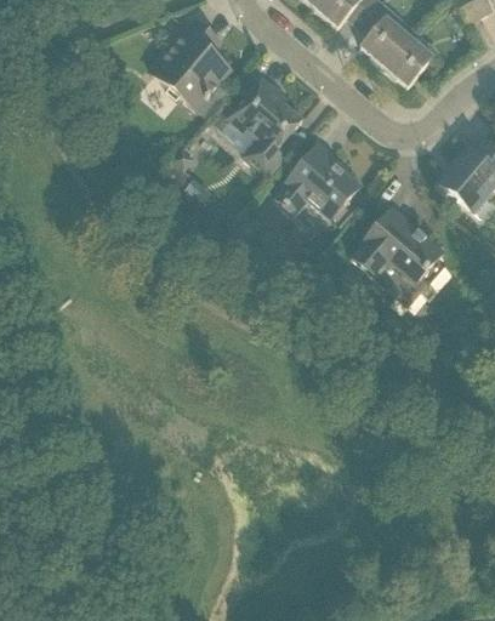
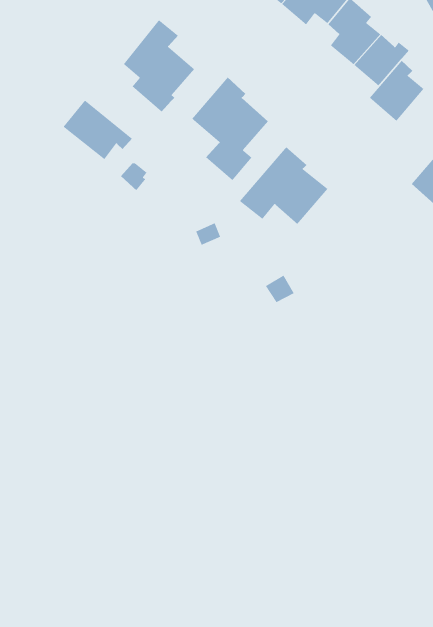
building: none -> [369,60,425,122]
building: none -> [62,99,133,160]
building: [351,206,453,306] -> none

